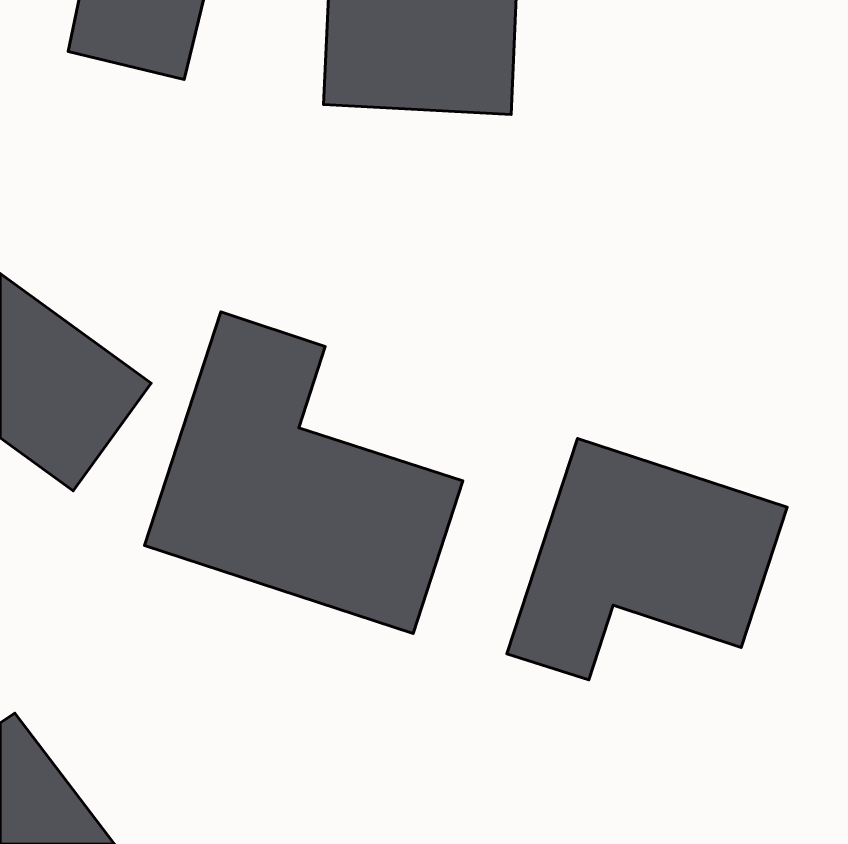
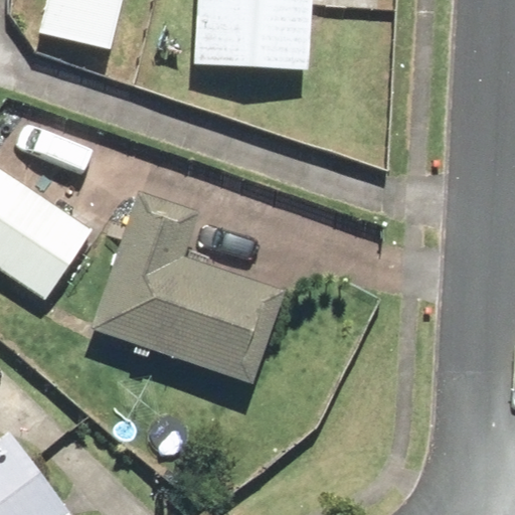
building: [507,438,787,680] -> none

